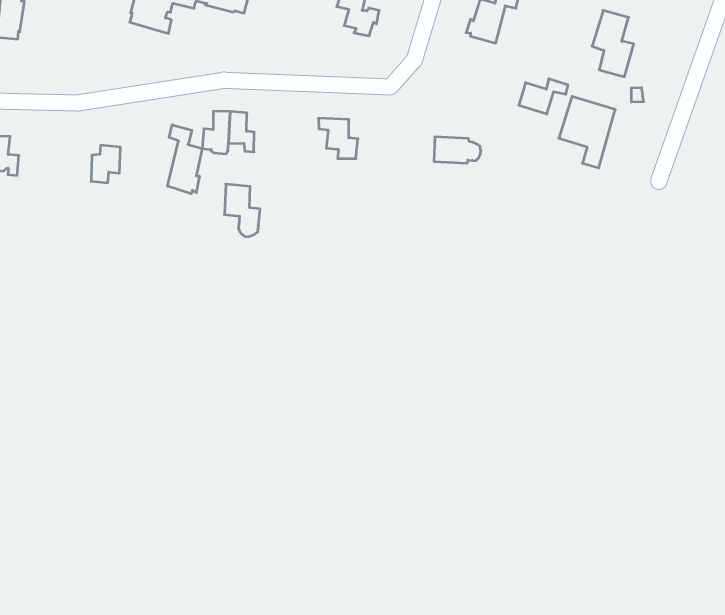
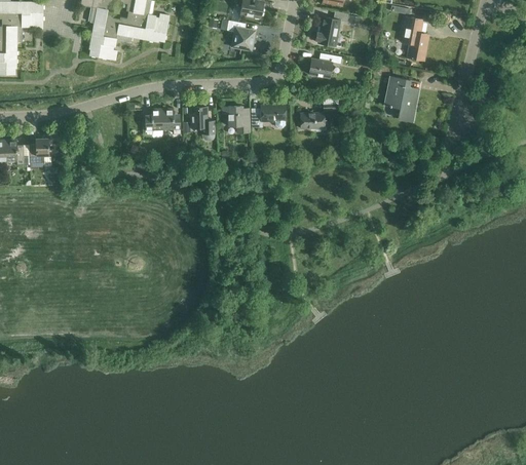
building: [519,79,568,114] -> [308,53,340,77]
building: none -> [251,105,287,127]
building: [168,125,202,194] -> none
building: [91,145,120,183] -> [29,138,48,162]
building: [224,184,260,237] -> [190,107,215,141]

